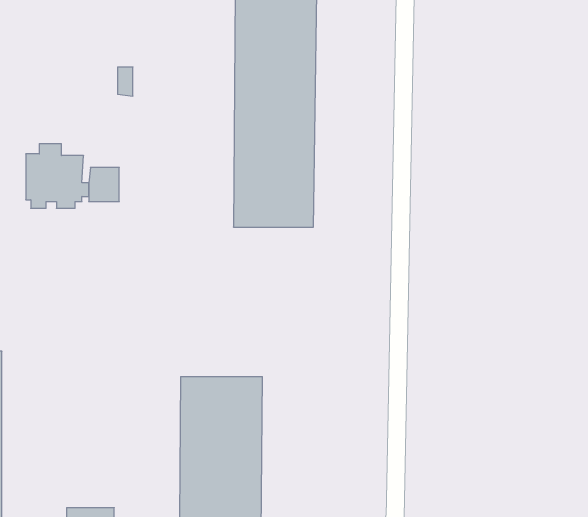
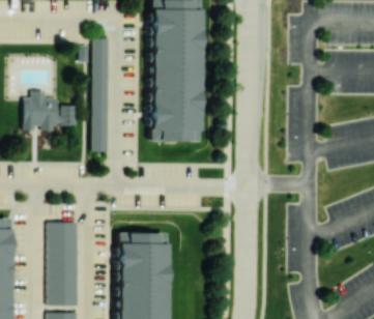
building: none -> [93,37,111,151]
building: none -> [50,222,80,307]

